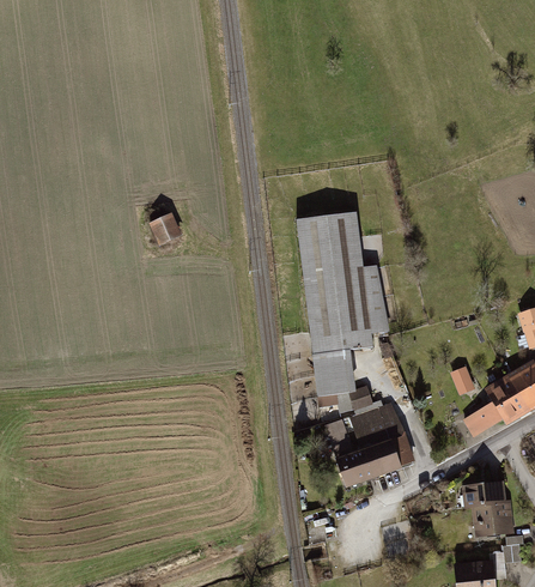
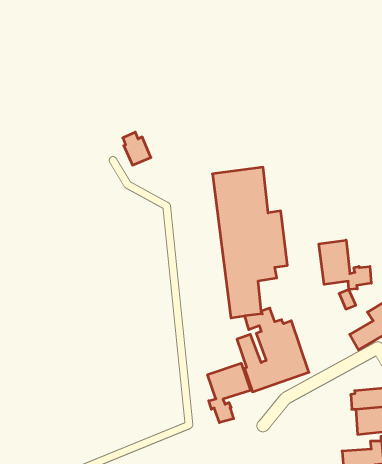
building: [146,202,181,243] -> [123,132,151,165]
building: none -> [319,240,371,290]
building: none -> [208,363,251,423]

